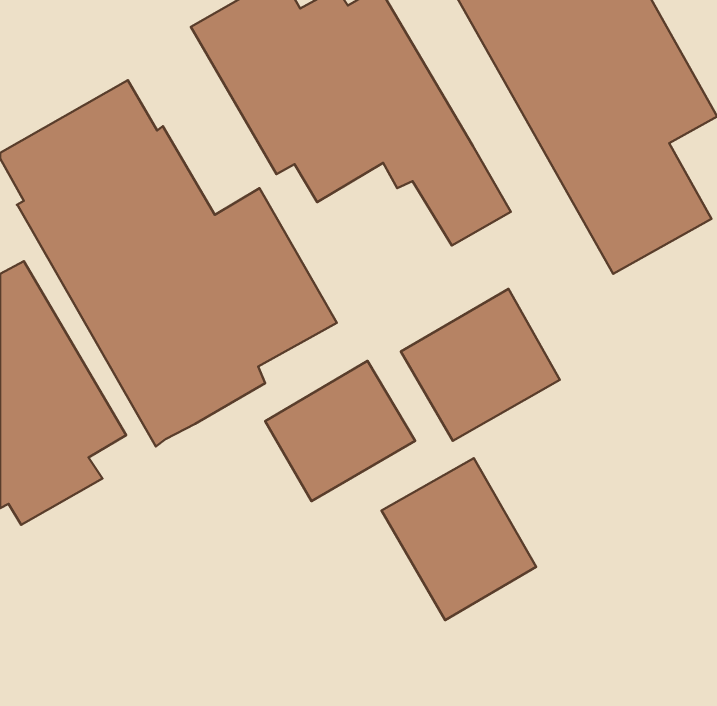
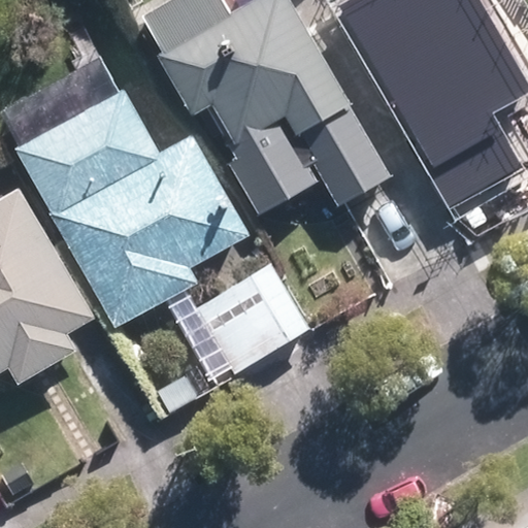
building: [401,289,560,441] -> none
building: [381,458,536,620] -> none

